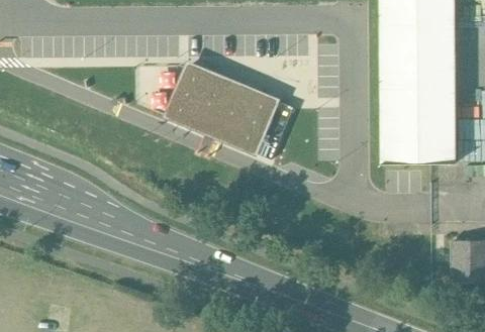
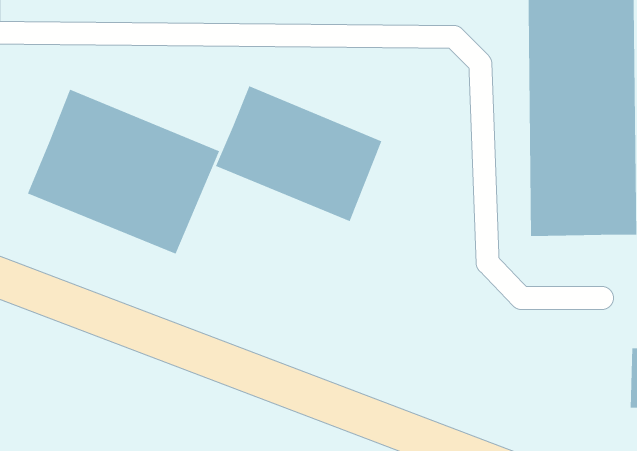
building: none -> [27,89,220,255]

